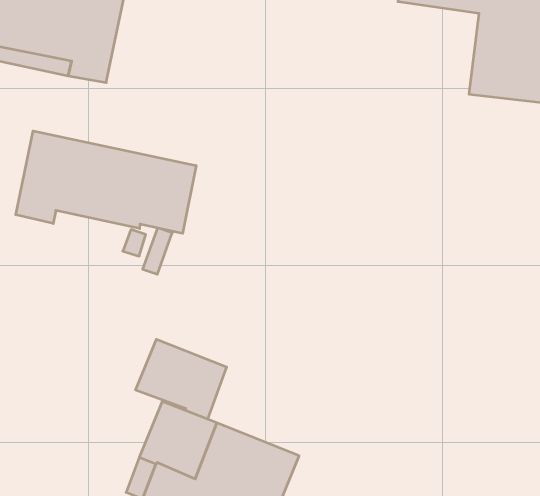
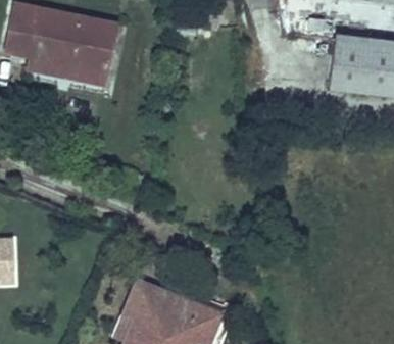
building: [16,131,196,233] -> none
building: [136,339,227,419] -> none

